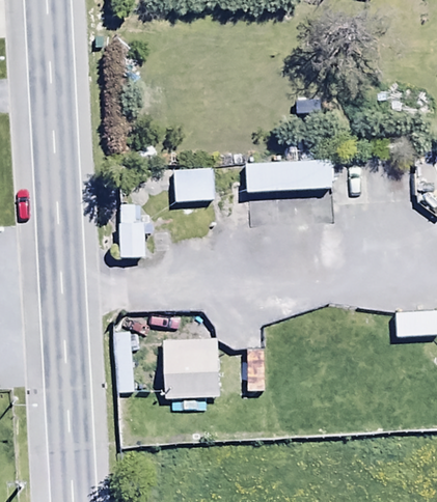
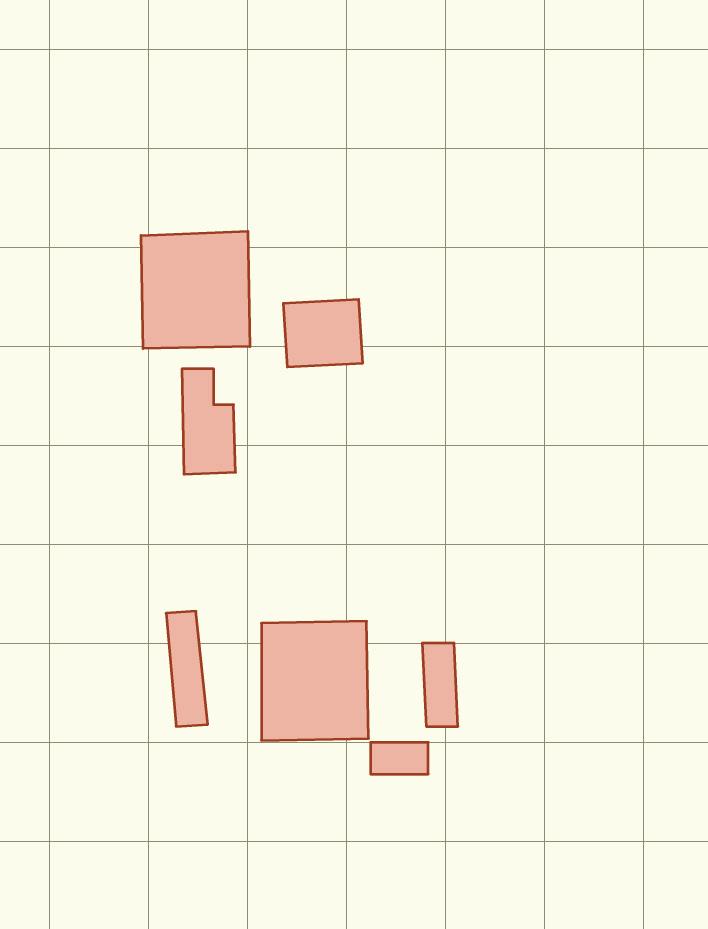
building: none -> [141,231,250,349]
building: [245,158,333,193] -> none

